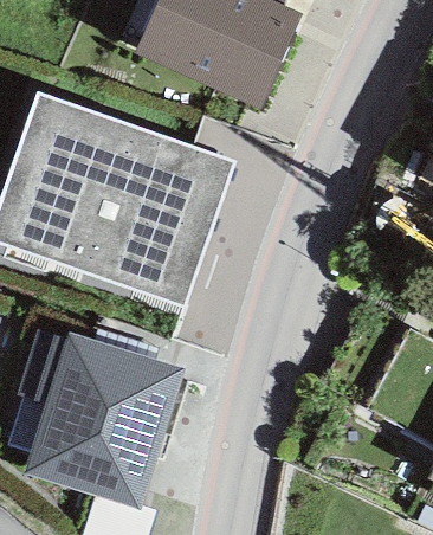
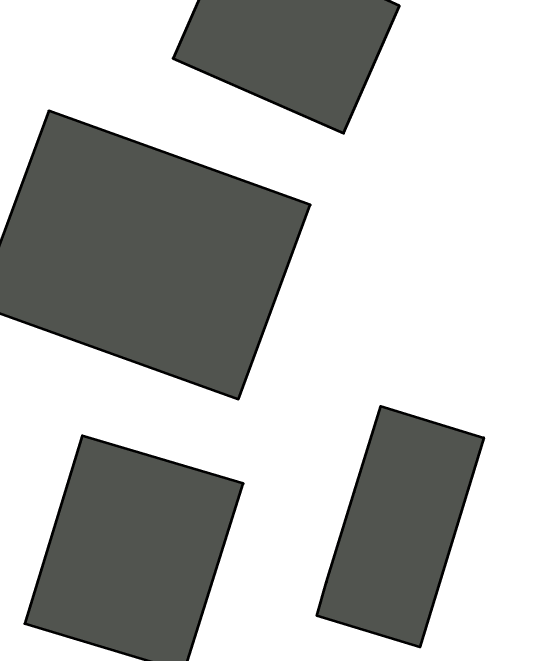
building: none -> [317,406,484,647]

